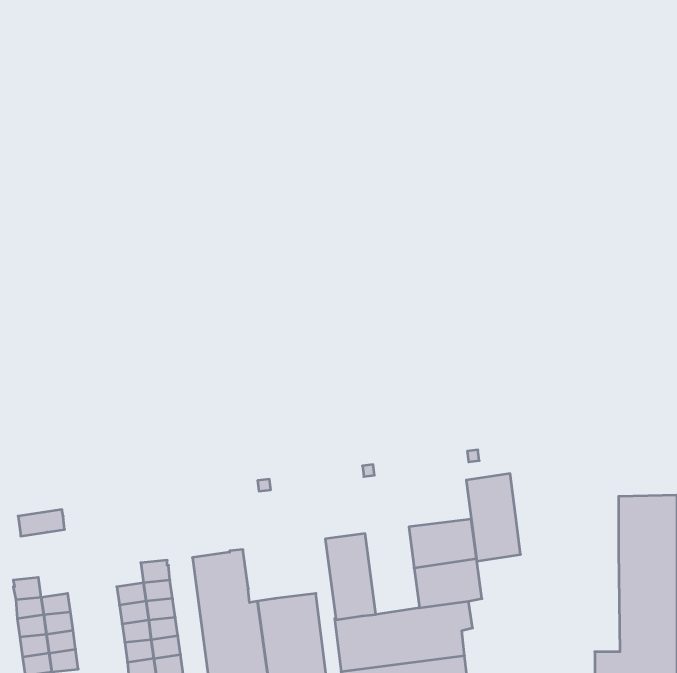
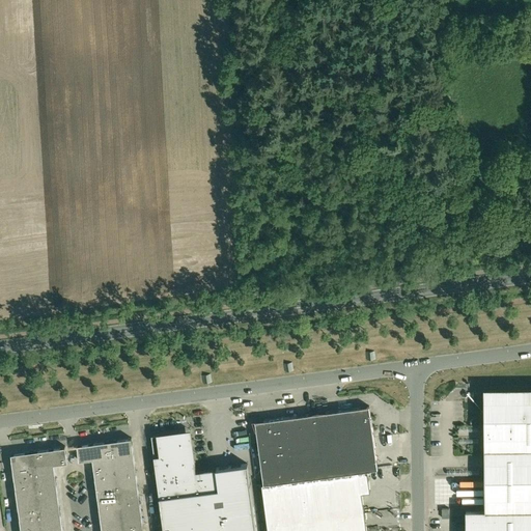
building: [466,474,521,561] -> [285,416,328,484]
building: [18,510,65,536] -> [30,450,66,471]
building: none -> [77,444,112,465]

